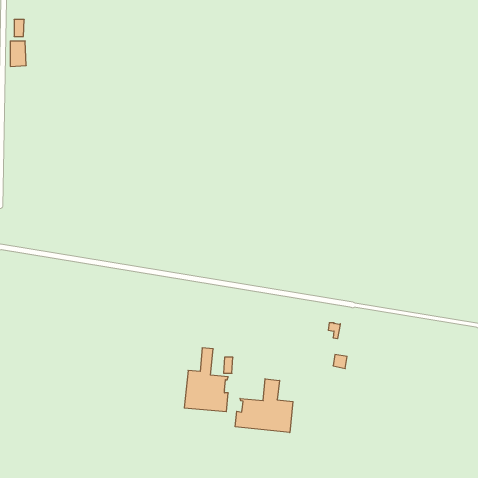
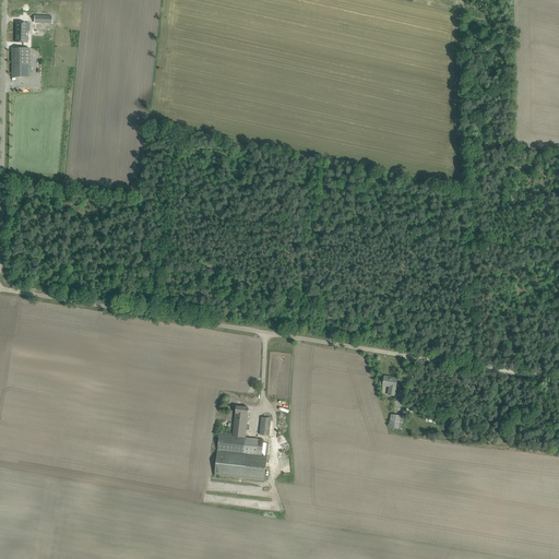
building: [235,379,293,433] -> none

